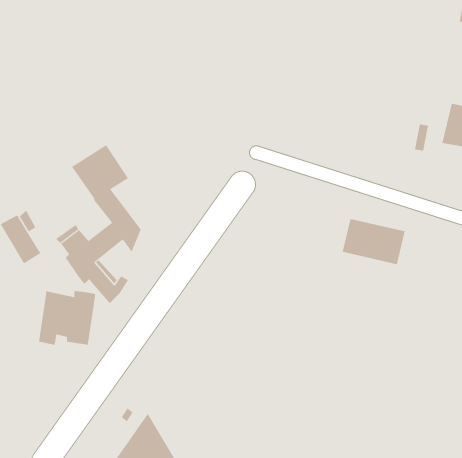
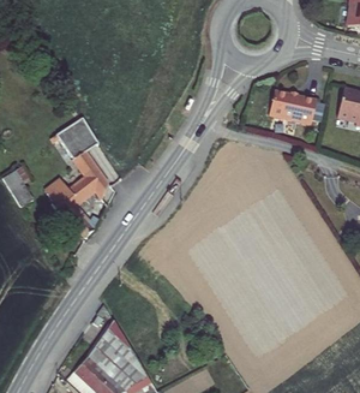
building: [342,219,406,265] -> [268,88,316,123]
building: [39,290,96,345] -> none

